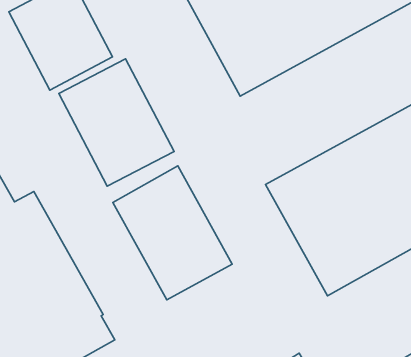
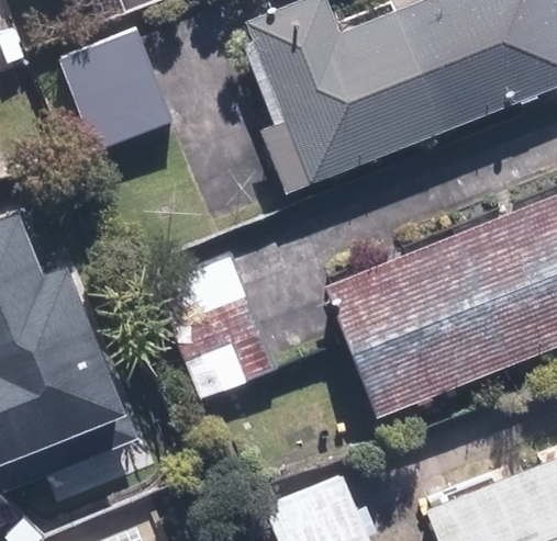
building: [59,59,174,186] -> none

